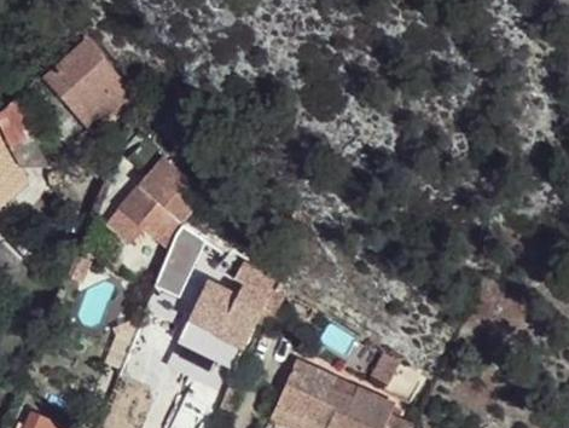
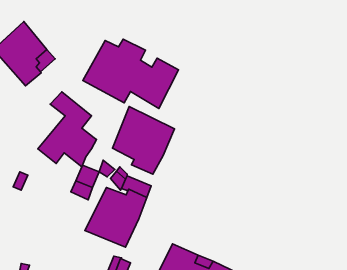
building: none -> [83,39,179,108]
building: none -> [112,106,175,174]

